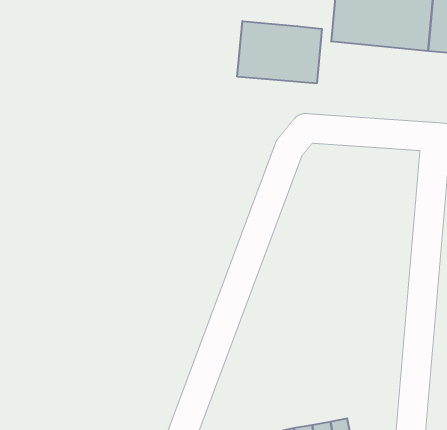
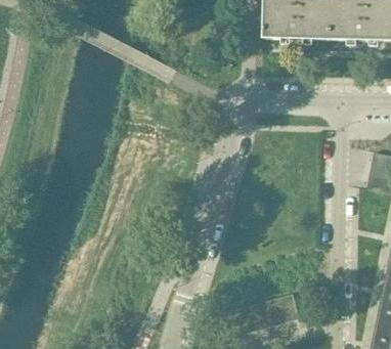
building: [237,21,322,83] -> none

